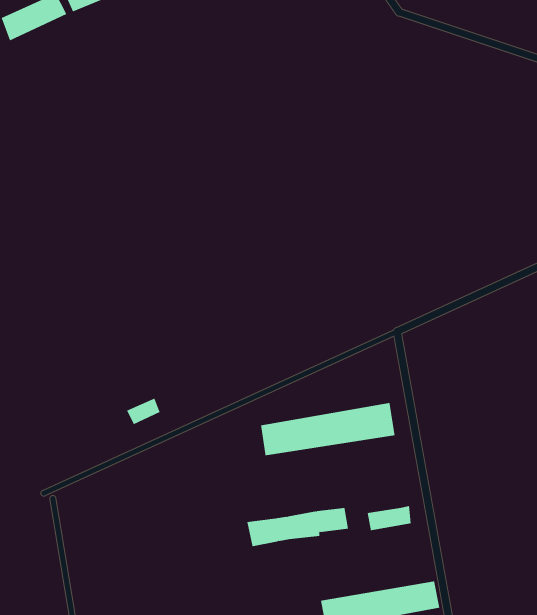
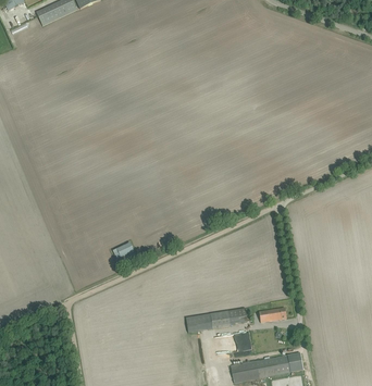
building: [261,402,395,456] -> none

